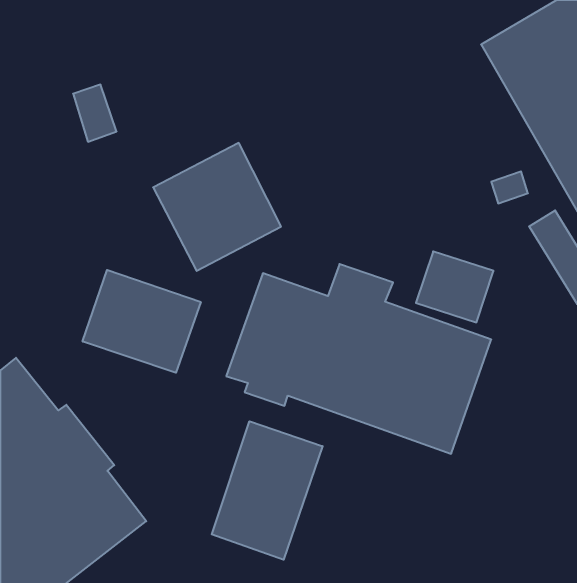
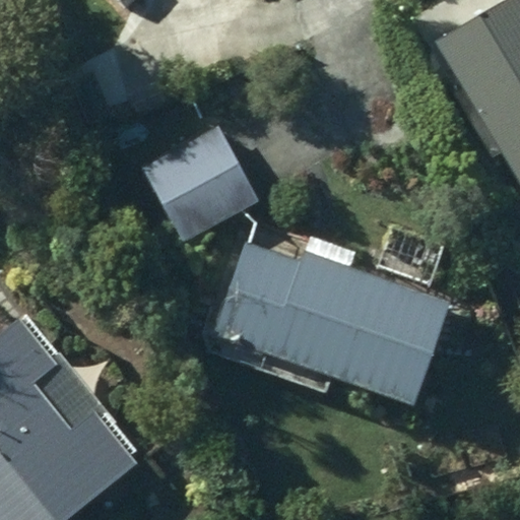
building: [83,270,201,373] -> none
building: [212,421,323,560] -> none

